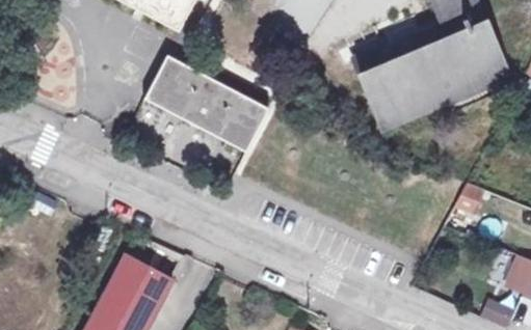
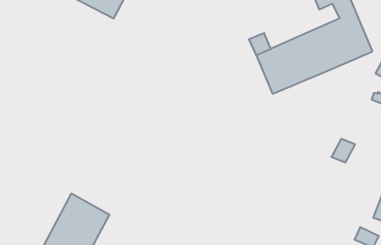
building: [144,55,270,153] -> none

